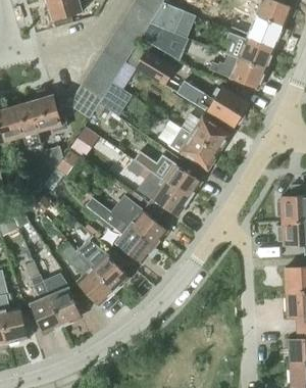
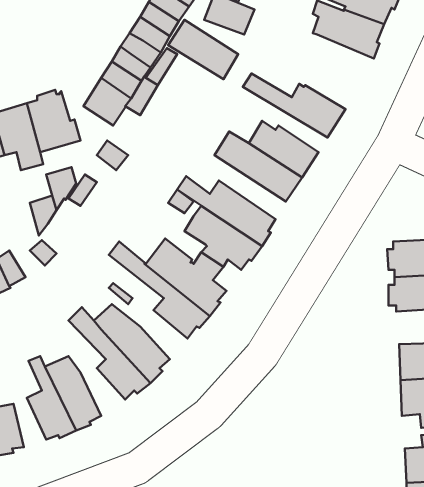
building: [209,55,267,89] -> none

